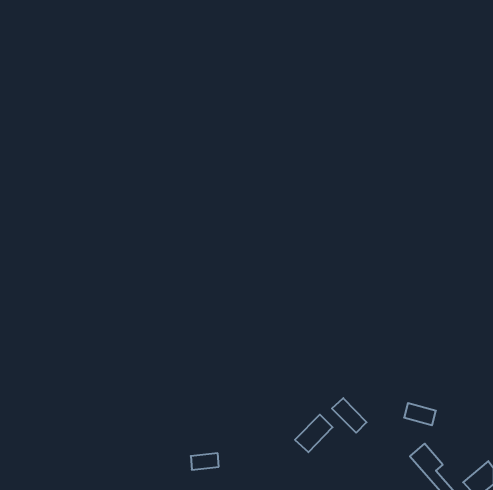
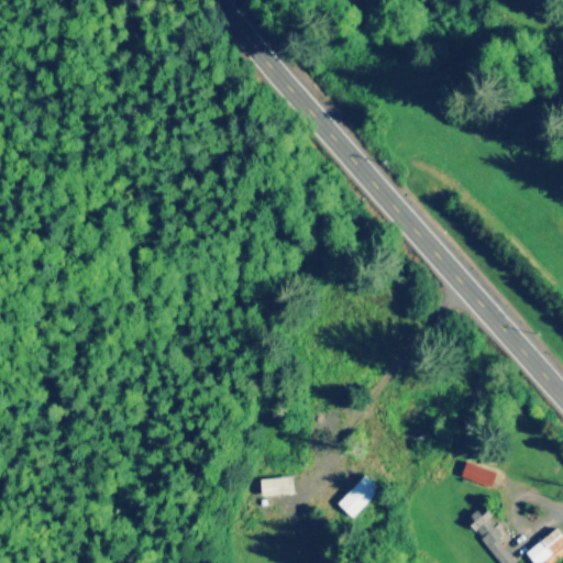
building: [332,398,367,433] -> none
building: [191,453,219,470] -> [261,478,292,497]

